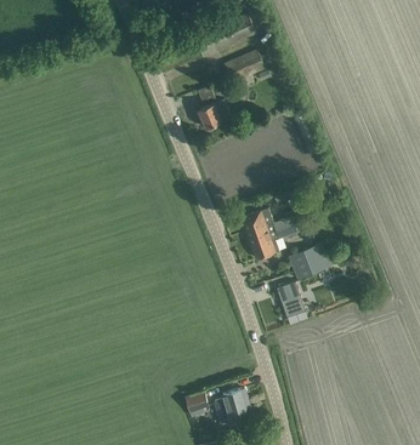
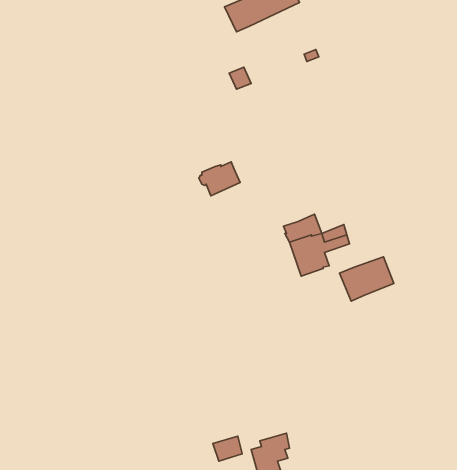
building: [223,51,265,82] -> none
building: [195,101,229,129] -> [199,162,240,196]
building: [277,281,305,315] -> none

